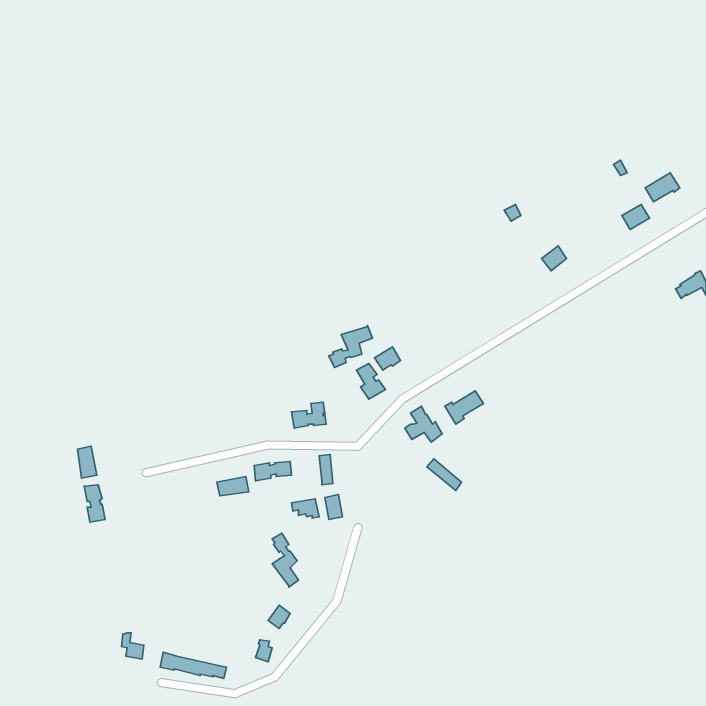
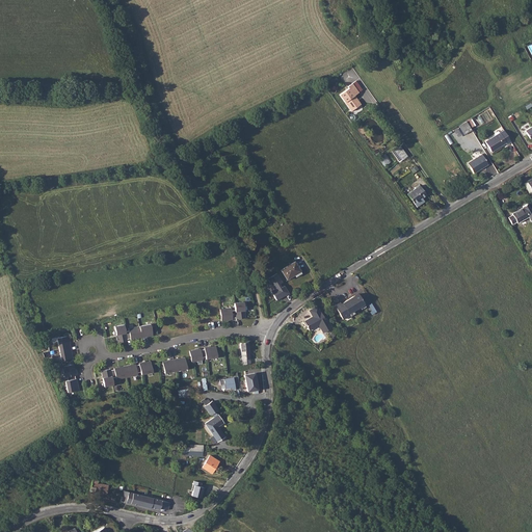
building: none -> [340,80,364,111]
building: [329,326,373,367] -> none
building: none -> [115,323,153,342]
building: none -> [101,362,153,387]

